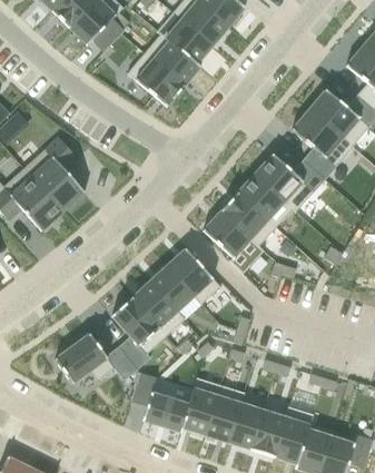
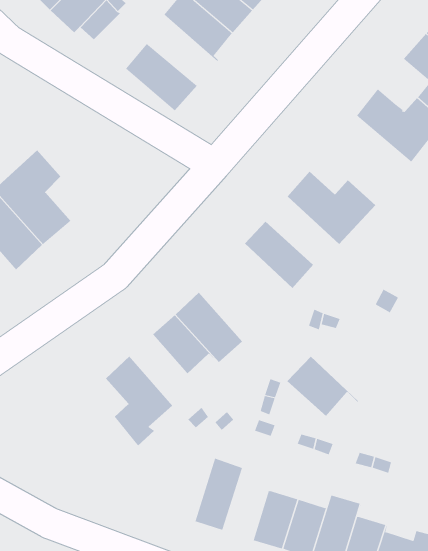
building: [144,30,199,86] -> none
building: [290,109,352,179] -> none
building: [237,173,295,226] -> none
building: [201,209,258,257] -> [287,356,359,417]
building: [130,280,182,336] -> none
building: [53,333,137,383] -> none
building: [131,372,197,431] -> none
building: [204,385,243,442] -> none

